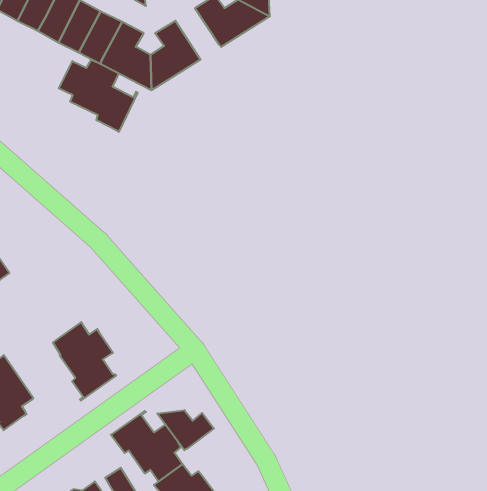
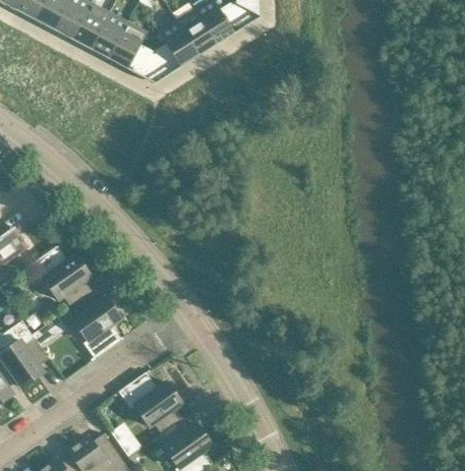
building: none -> [177,9,218,55]
building: [59,60,138,132] -> none
building: none -> [30,245,93,305]
building: [157,410,214,450] -> none

